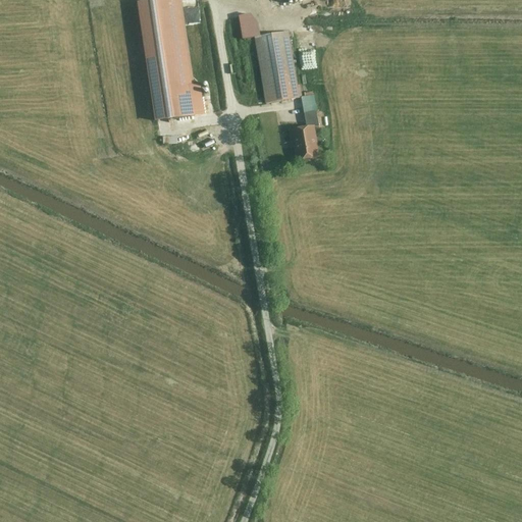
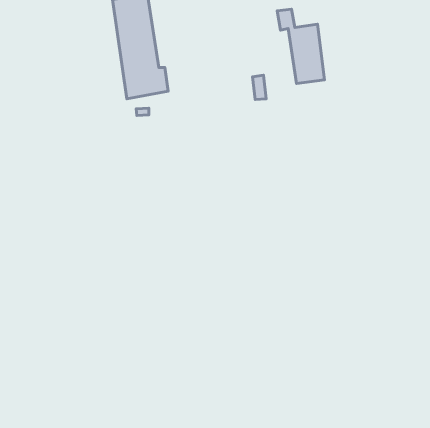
building: [241,12,298,102] -> [277,9,324,83]
building: [289,123,321,161] -> none

